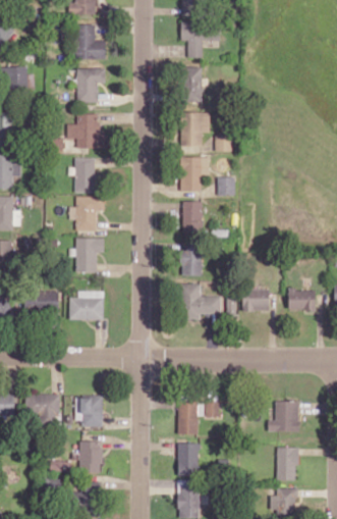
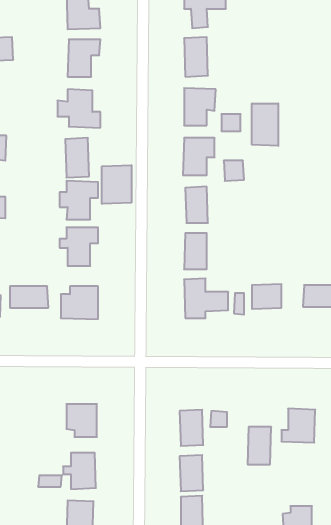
building: none -> [252,103,278,146]
building: none -> [102,165,131,204]
building: [25,394,59,423] -> none
building: [276,447,297,480] -> [248,427,271,464]

